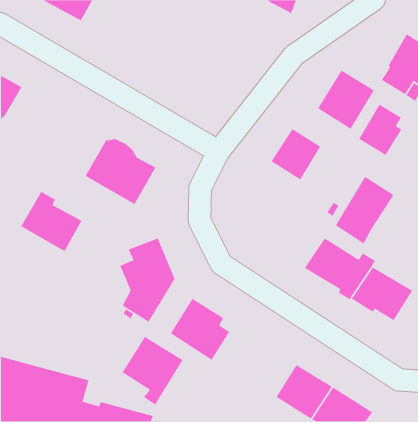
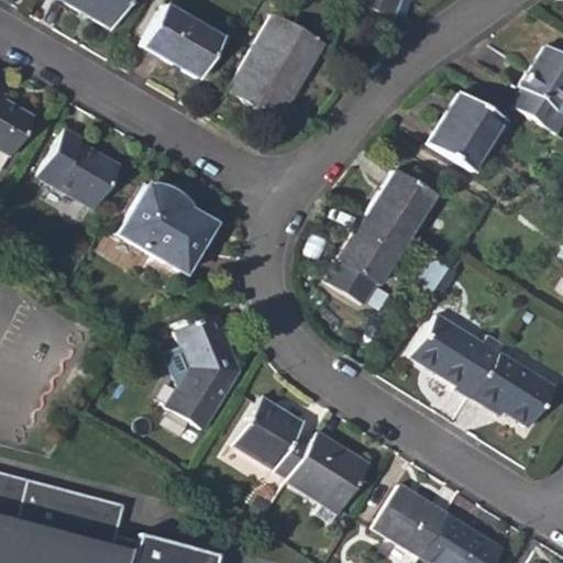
building: none -> [142,4,222,78]
building: none -> [229,12,325,122]
building: [358,104,402,156] -> none
building: [335,176,394,245] -> [327,214,406,306]
building: [20,191,82,252] -> [36,129,119,210]
building: [121,336,184,405] -> [287,432,369,525]

